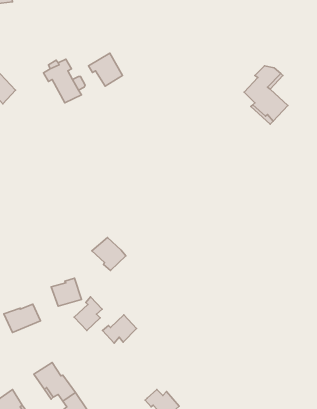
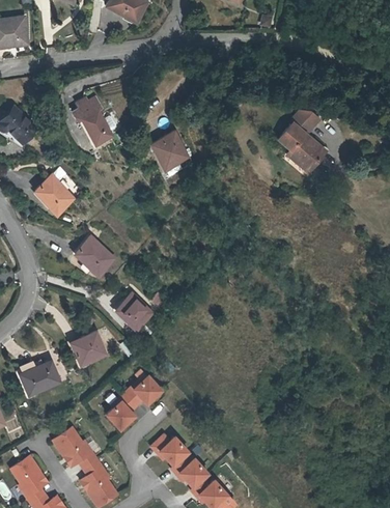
building: [89,53,123,86] -> [147,137,184,172]
building: none -> [33,180,71,219]
building: none -> [72,241,110,280]
building: [74,297,102,331] -> [109,391,139,427]
building: none -> [152,433,190,463]

